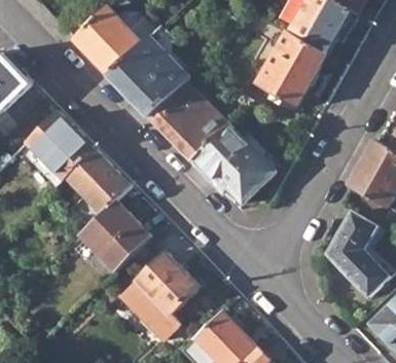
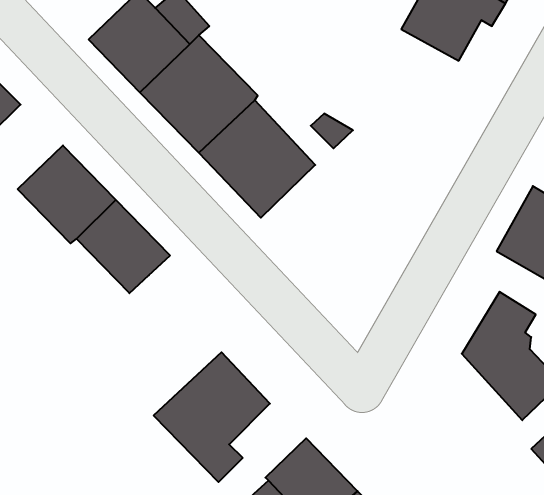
building: [253,30,325,108] -> none
building: [190,124,274,203] -> none
building: [79,199,149,270] -> none

